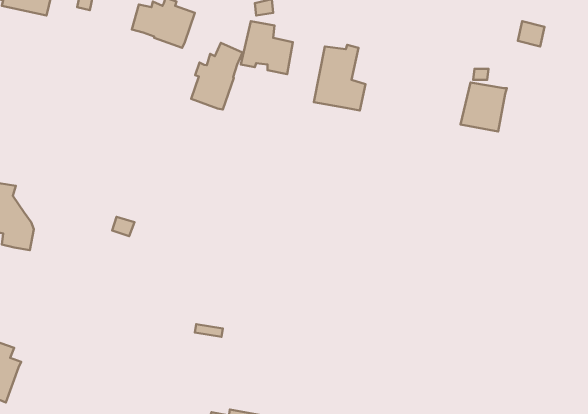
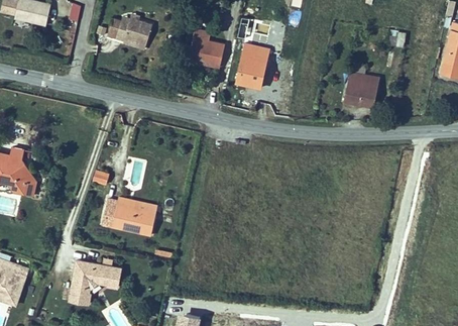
building: [191,43,242,109] -> none
building: none -> [101,198,157,236]
building: none -> [69,256,120,302]

